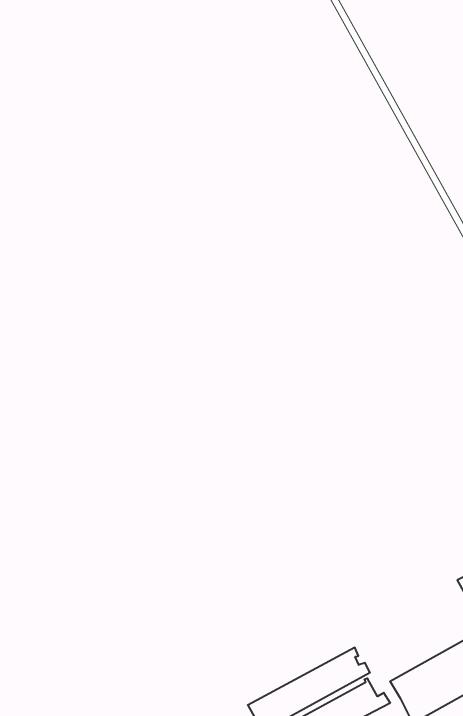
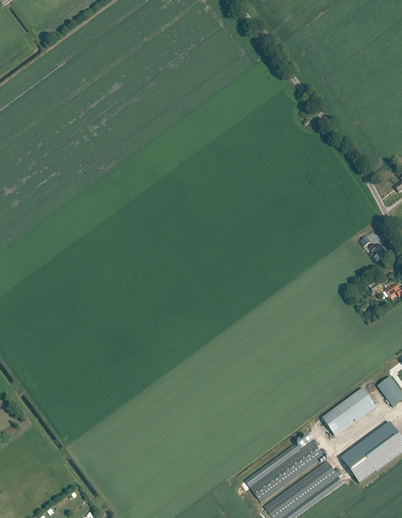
building: none -> [322,387,375,434]

